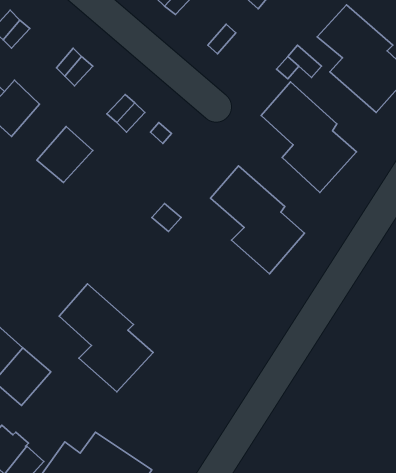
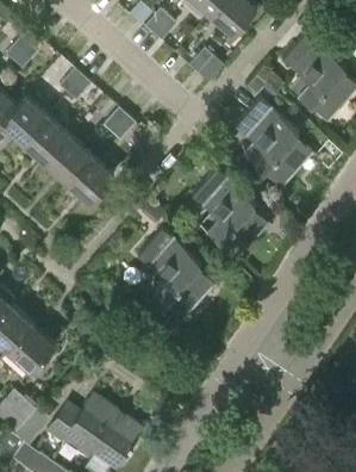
building: none -> [20,116,67,163]
building: none -> [64,155,112,203]
building: [59,284,153,392] -> [136,229,216,321]

